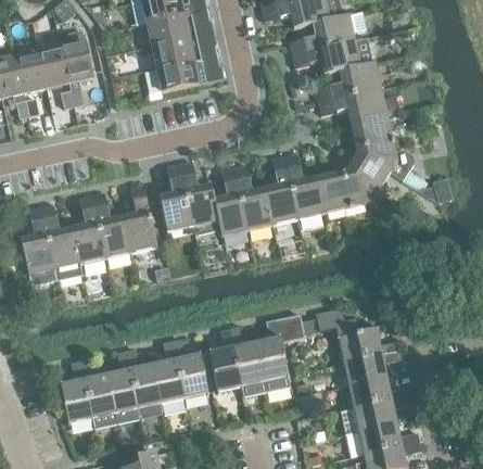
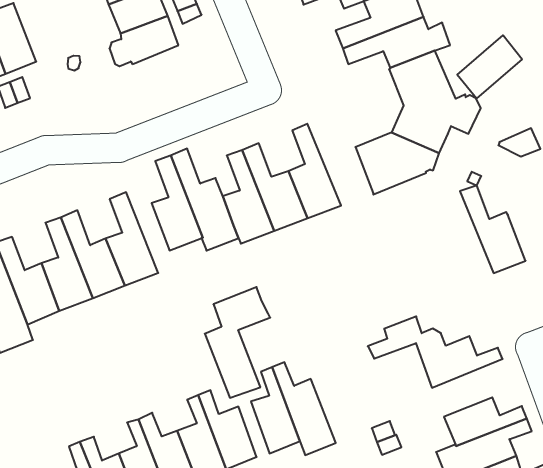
building: none -> [457,35,522,99]
building: [283,152,323,218] -> [460,186,526,273]
building: [256,314,306,392] -> [205,287,270,398]
building: [344,350,402,385] -> none

